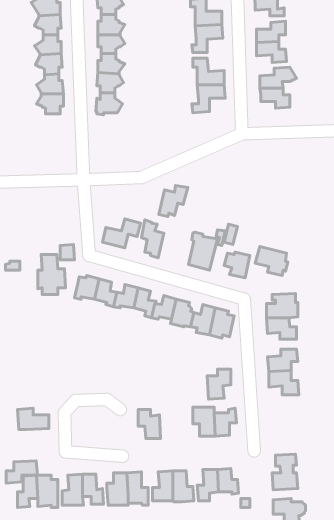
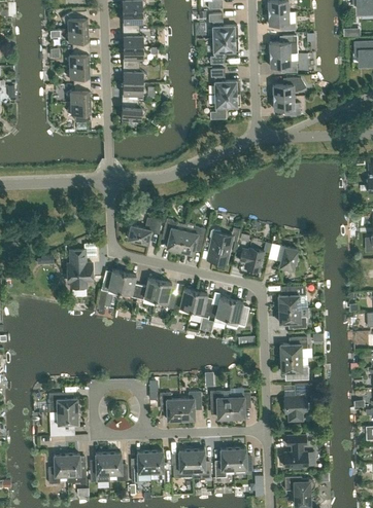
building: [159,185,188,217] -> [178,226,205,255]
building: [207,369,231,399] -> [179,392,201,420]
building: none -> [283,384,312,421]
building: [6,461,37,483] -> [49,410,78,431]

